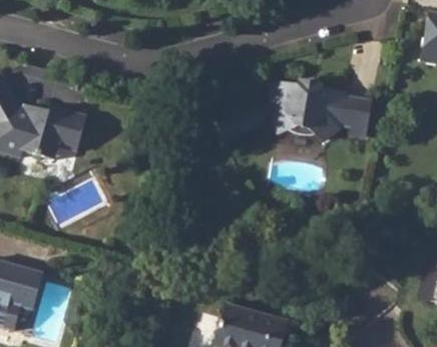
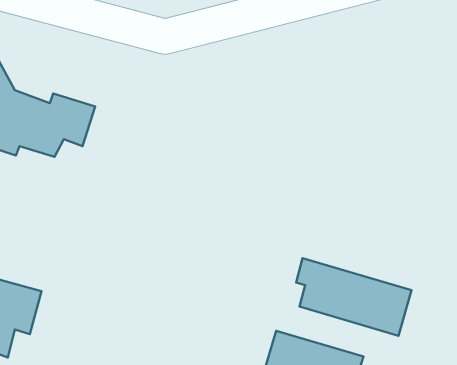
building: [264,84,366,145] -> none
building: none -> [296,258,412,336]

